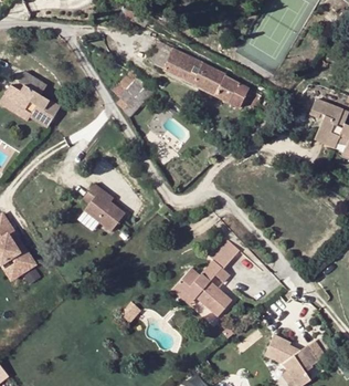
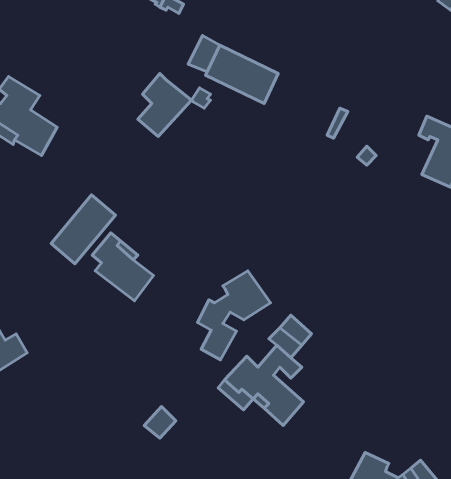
building: [203,70,247,108] -> none
building: none -> [51,195,115,264]
building: none -> [197,271,270,360]

